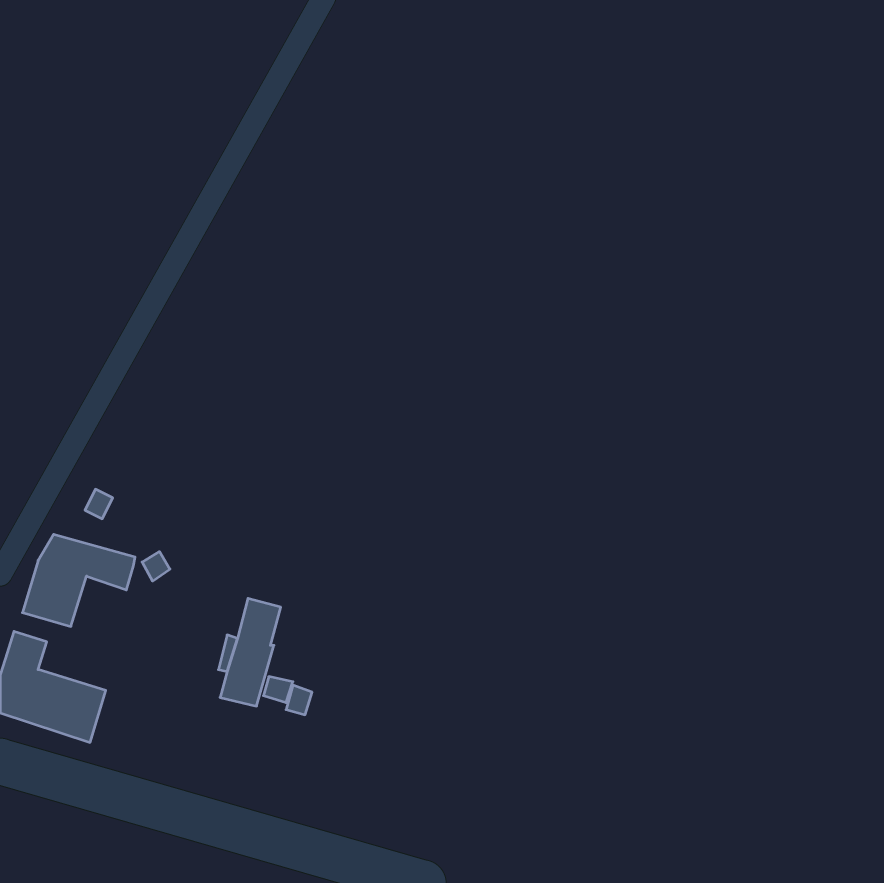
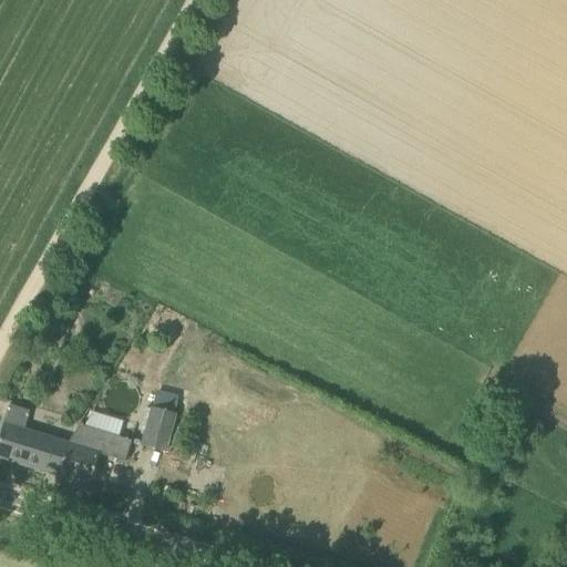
building: [22,534,135,626] -> [59,424,131,483]

